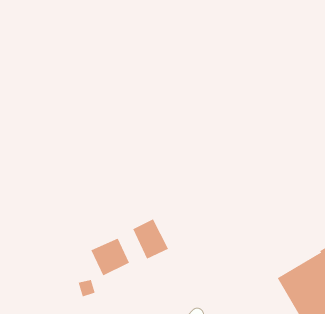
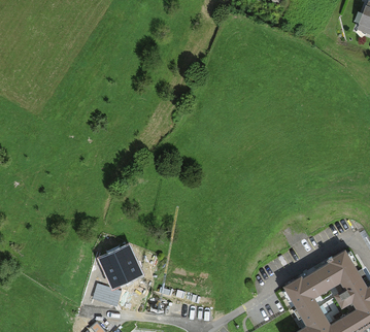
building: [133,218,169,260] -> none

